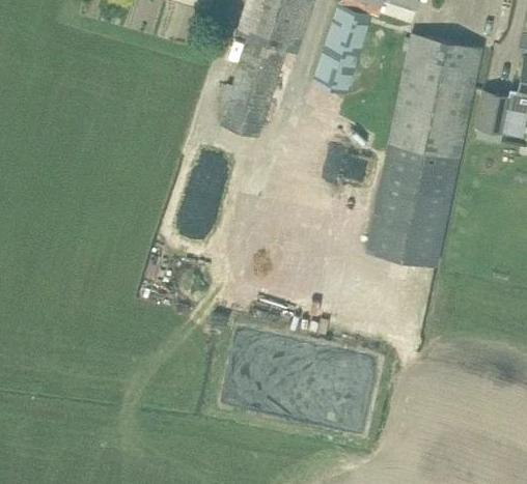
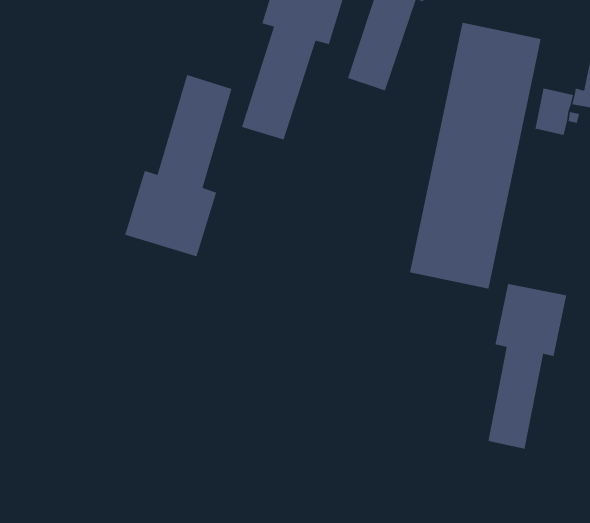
building: none -> [124,74,232,257]
building: none -> [488,283,567,449]

